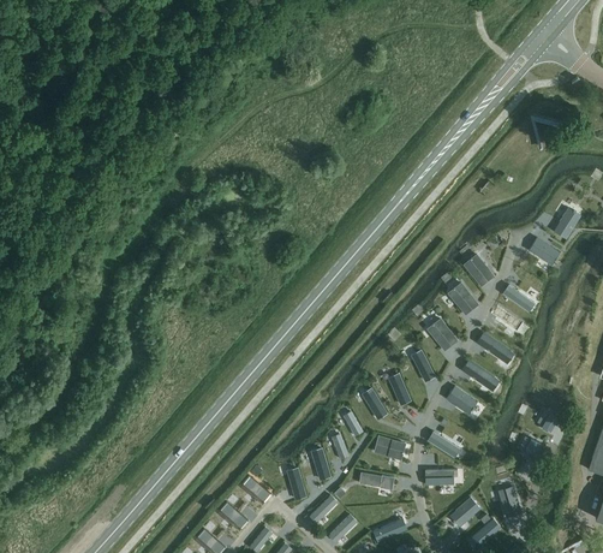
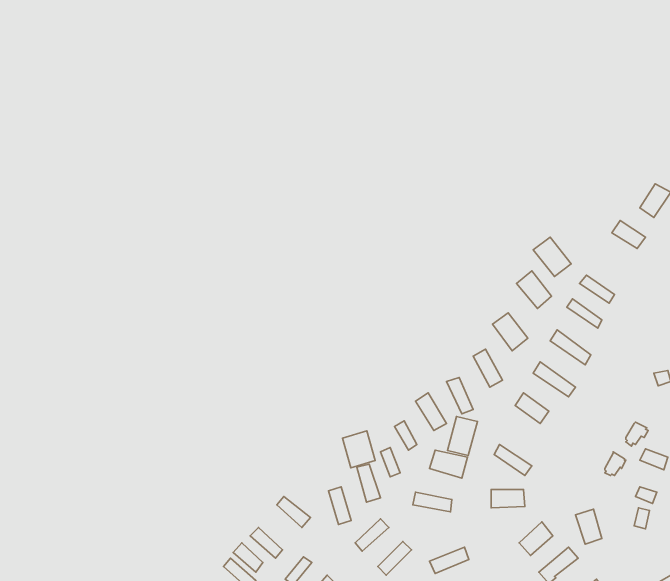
building: none -> [447,416,477,455]
building: none -> [343,431,375,468]

